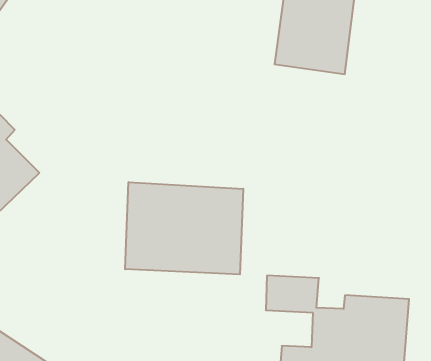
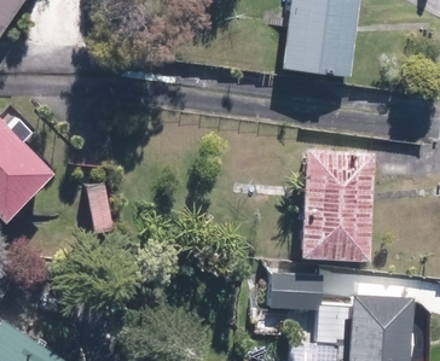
building: none -> [302,150,374,261]
building: [125,182,243,274] -> none

